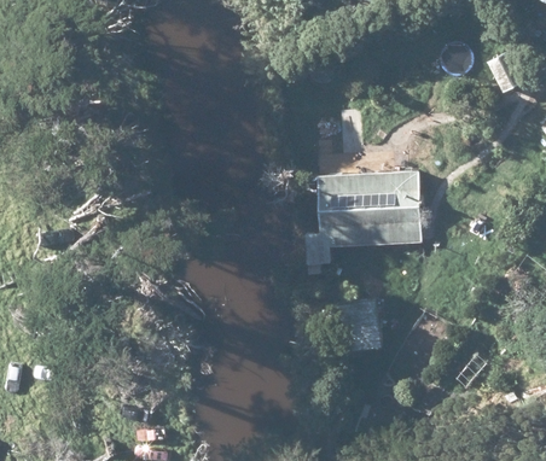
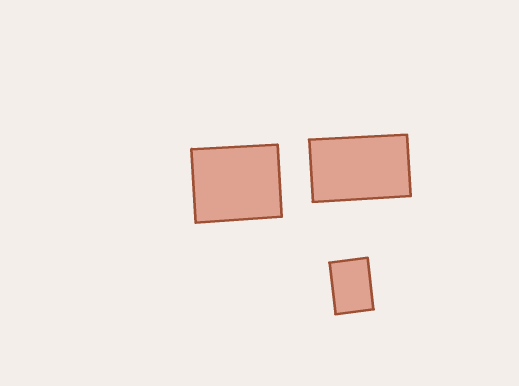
building: none -> [192,145,282,223]

